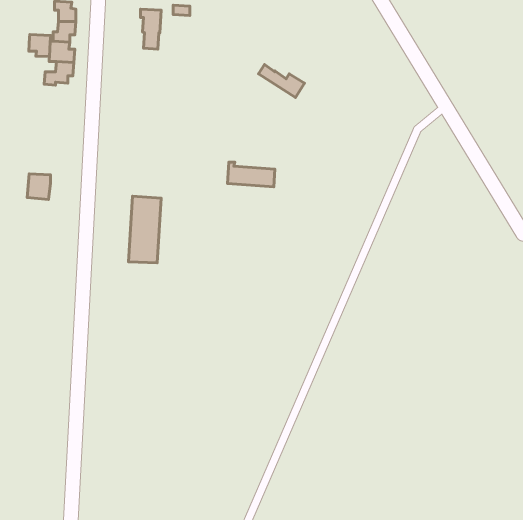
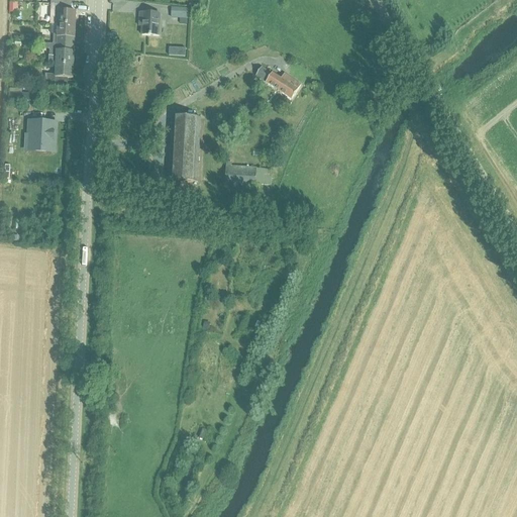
building: [29,35,51,57] -> none
building: [27,174,51,200] -> [29,121,53,146]
building: [128,196,161,263] -> [168,113,200,179]

